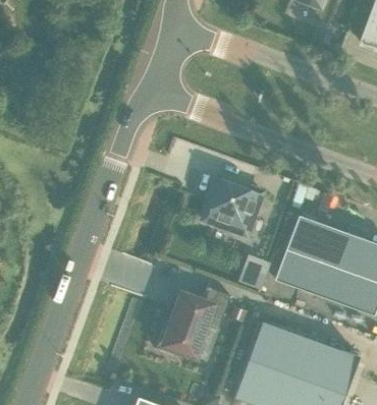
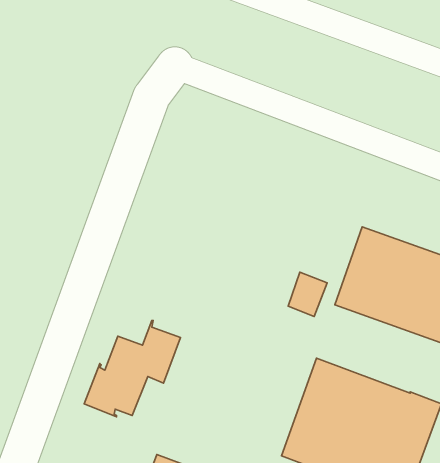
building: [204,176,264,236] -> none
building: [156,282,231,357] -> [84,321,180,417]

